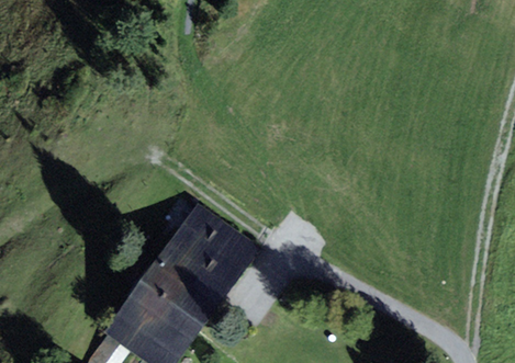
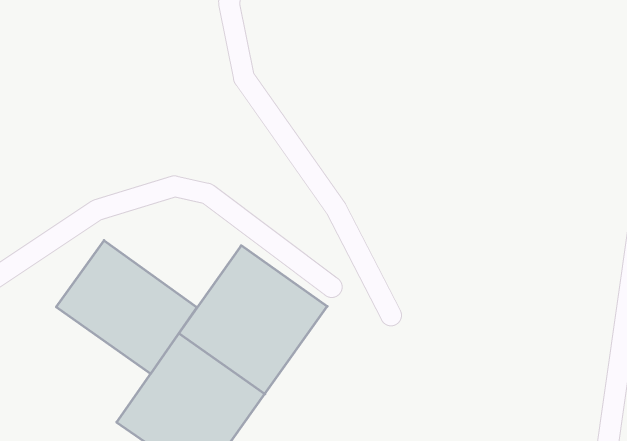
building: none -> [56,240,197,374]

